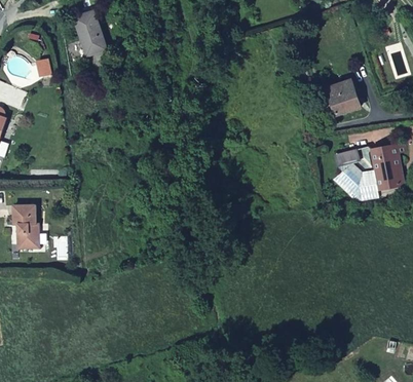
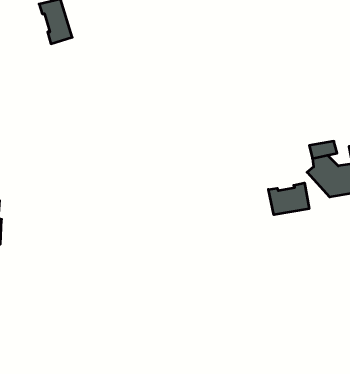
building: [326,76,361,111] -> none
building: none -> [268,183,309,215]

